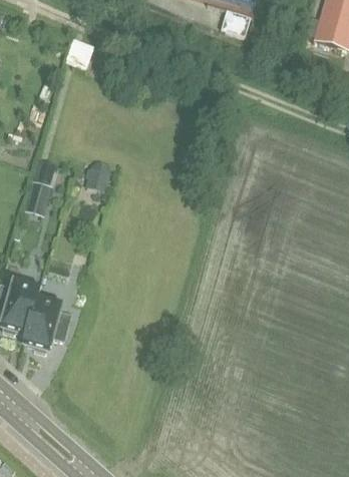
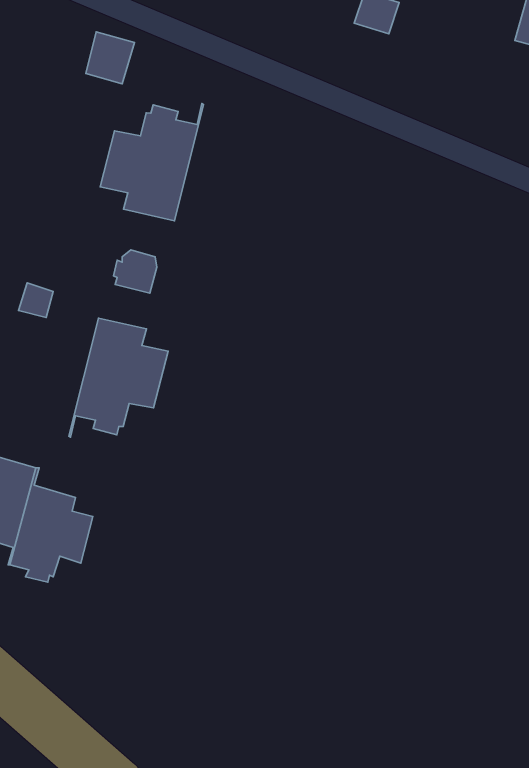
building: none -> [100,103,204,221]
building: none -> [69,318,168,437]

